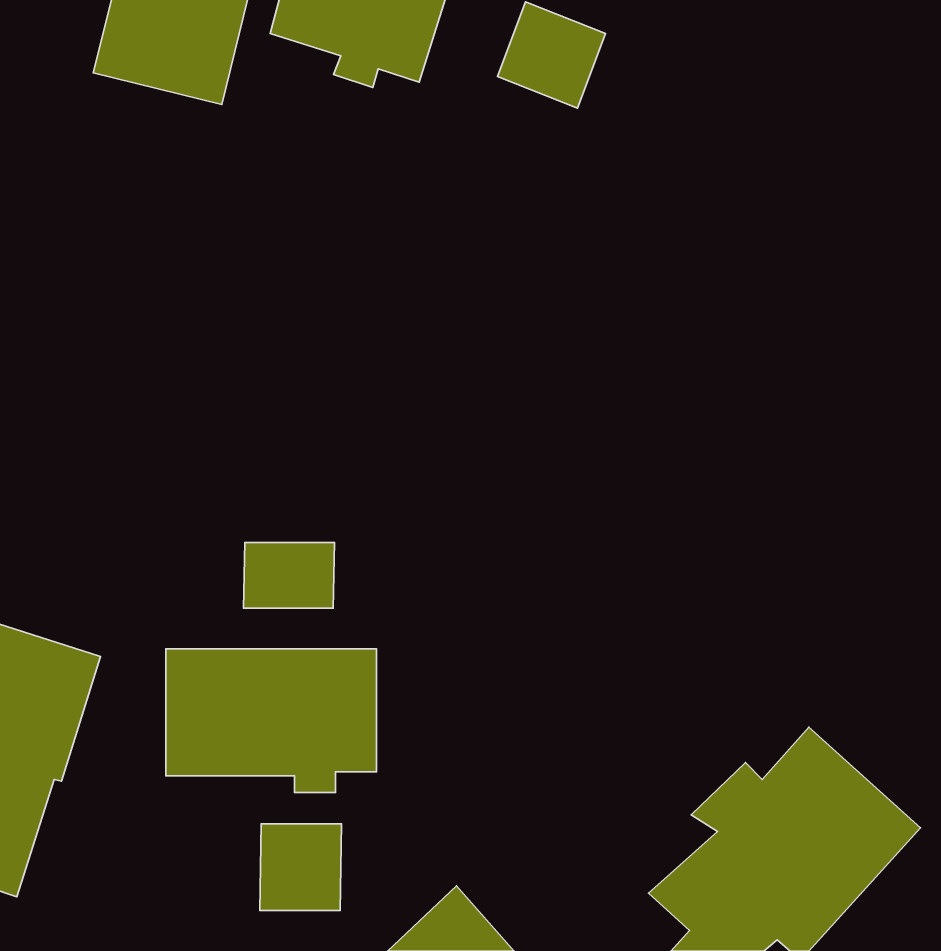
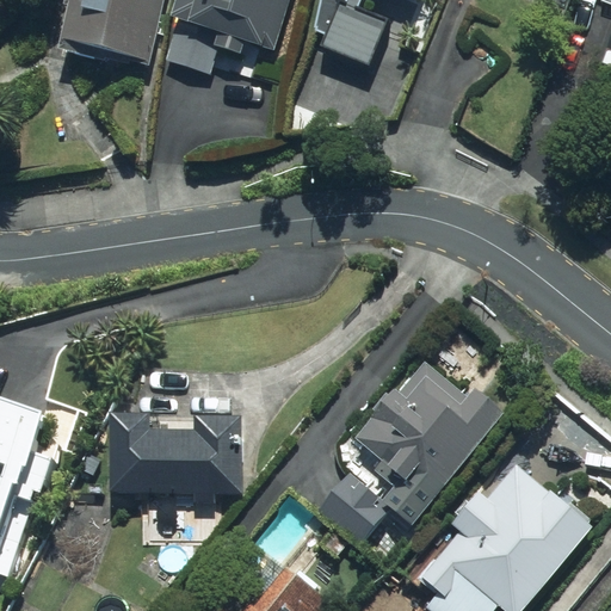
building: [243,543,335,608] -> none
building: none -> [323,363,506,526]
building: [260,824,341,911] -> none

